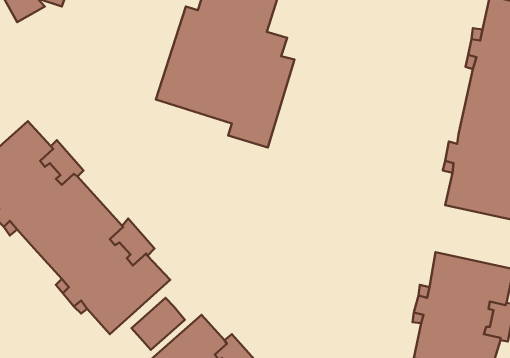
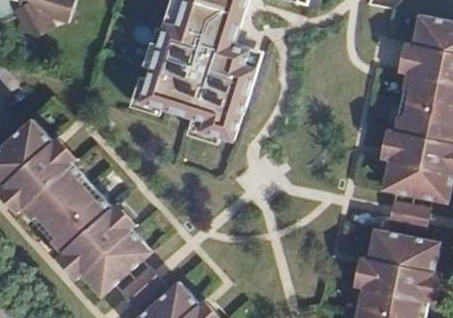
building: none -> [387,200,429,231]

